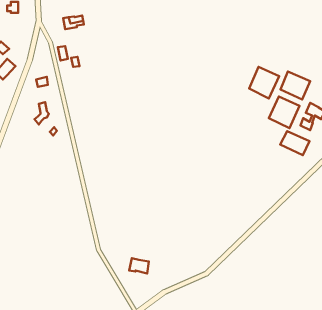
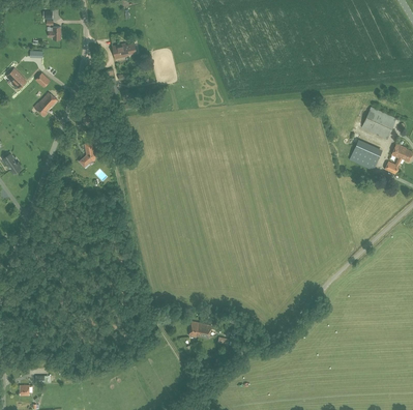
building: [249,67,279,98] -> none
building: [280,131,309,155] -> none

